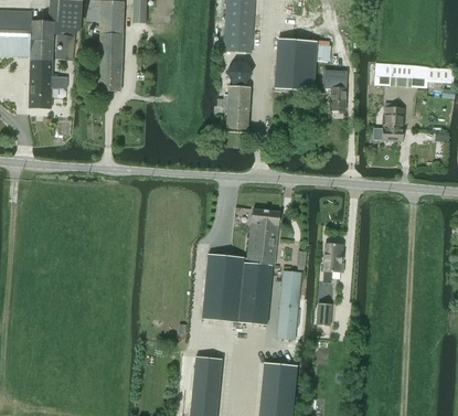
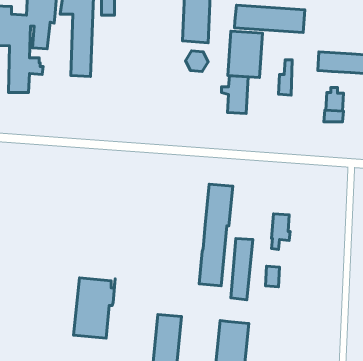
building: none -> [235,5,305,33]
building: [219,86,248,128] -> [221,76,248,113]
building: [202,254,248,321] -> [74,278,115,338]

